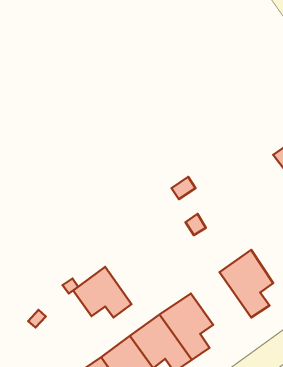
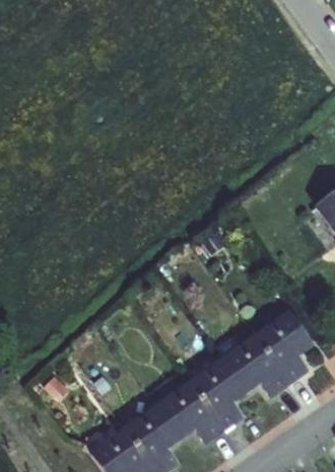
building: [73,267,131,317] -> none
building: none -> [223,333,289,397]

